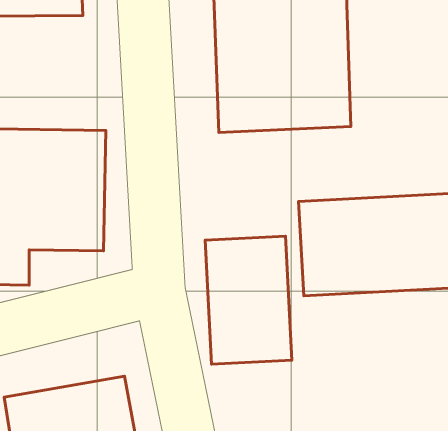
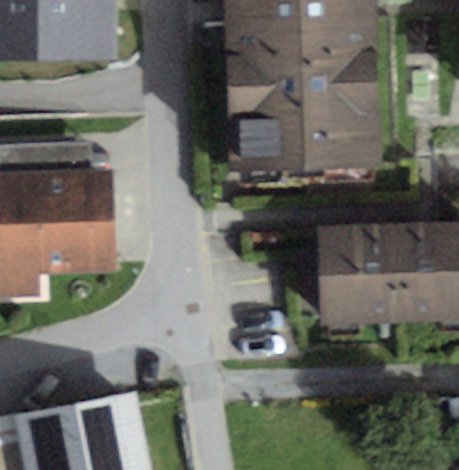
building: [205,236,292,364] -> none

